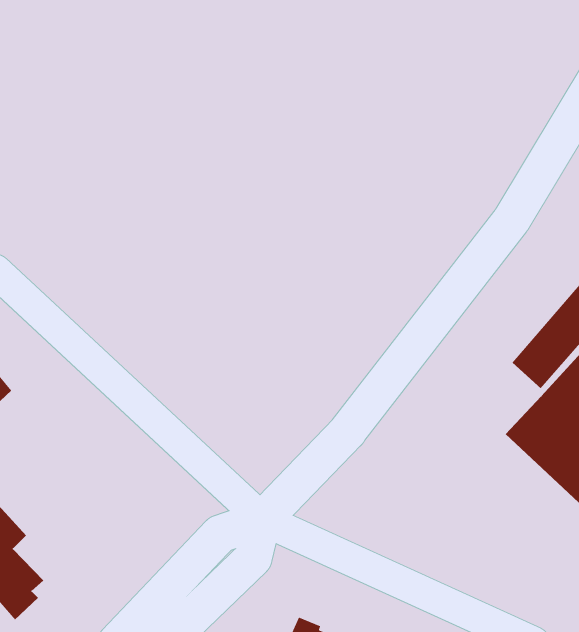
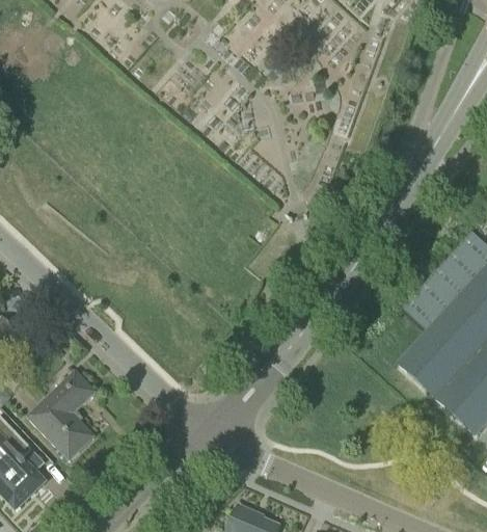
building: none -> [27,370,94,458]

